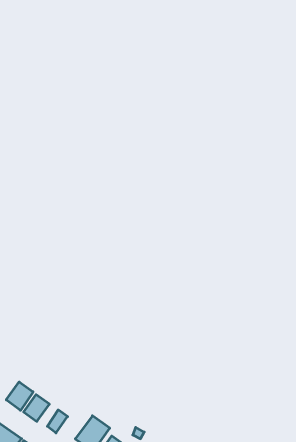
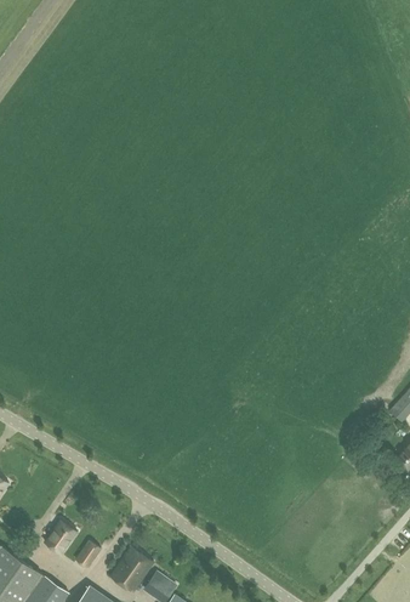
building: [6,382,33,410] -> none

